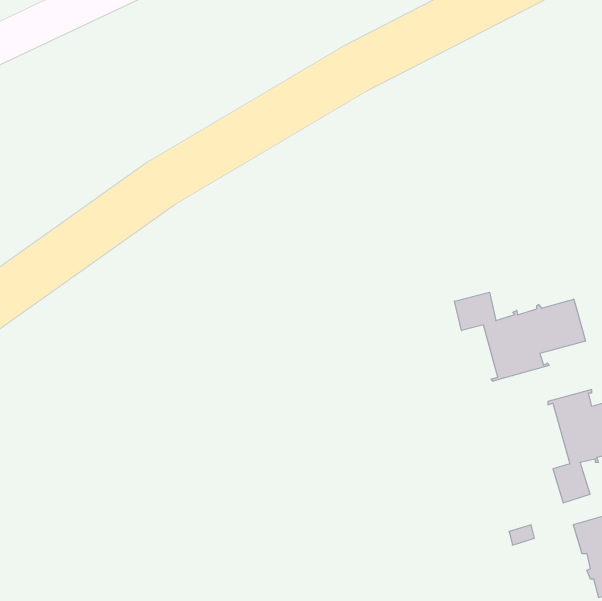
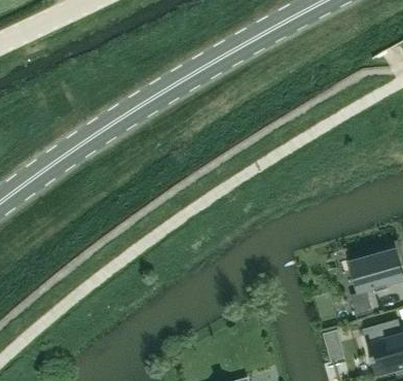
building: [454,292,585,381] -> none

